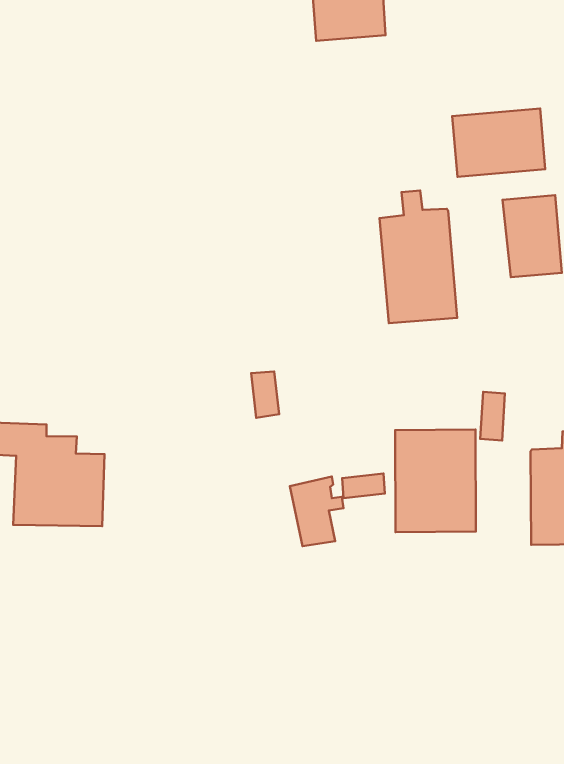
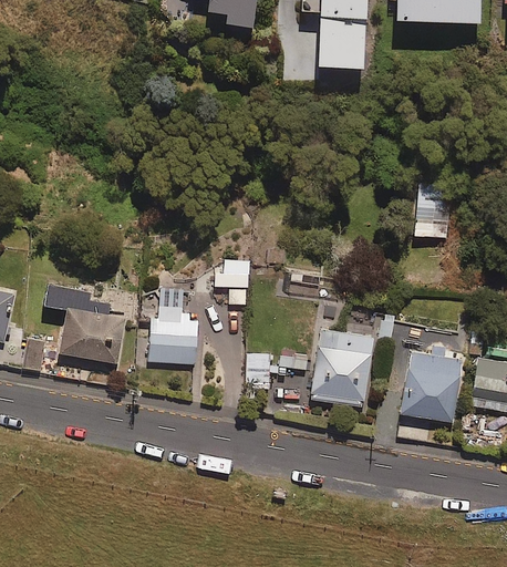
building: [452,109,545,177] -> none
building: [380,191,457,323] -> none
building: none -> [148,307,197,365]

